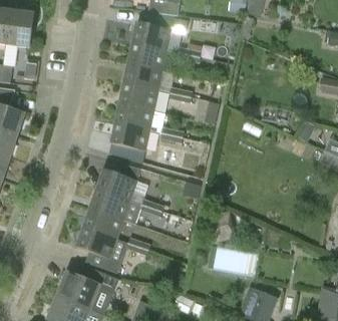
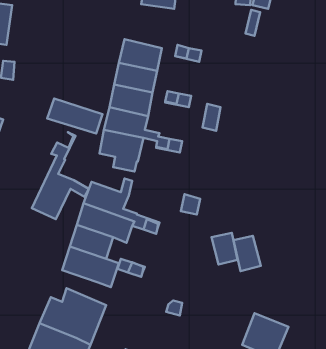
building: [133,14,187,51] -> none
building: none -> [47,99,103,133]
building: none -> [32,132,89,219]
building: none -> [234,236,261,271]

